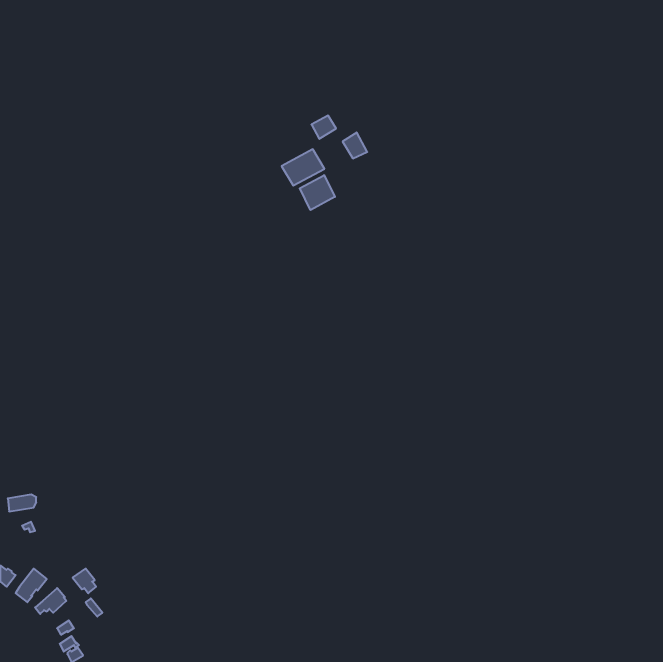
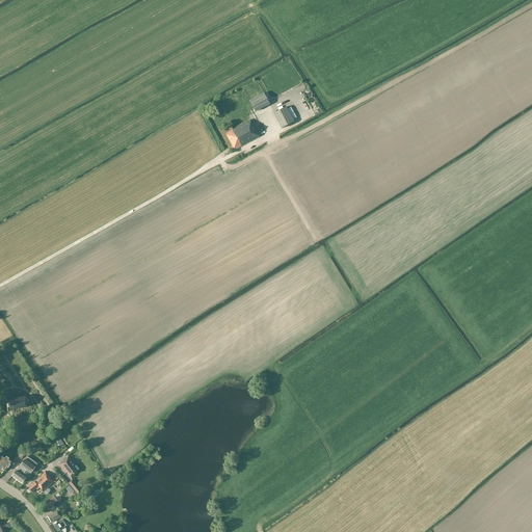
building: [300,175,335,210] -> none

